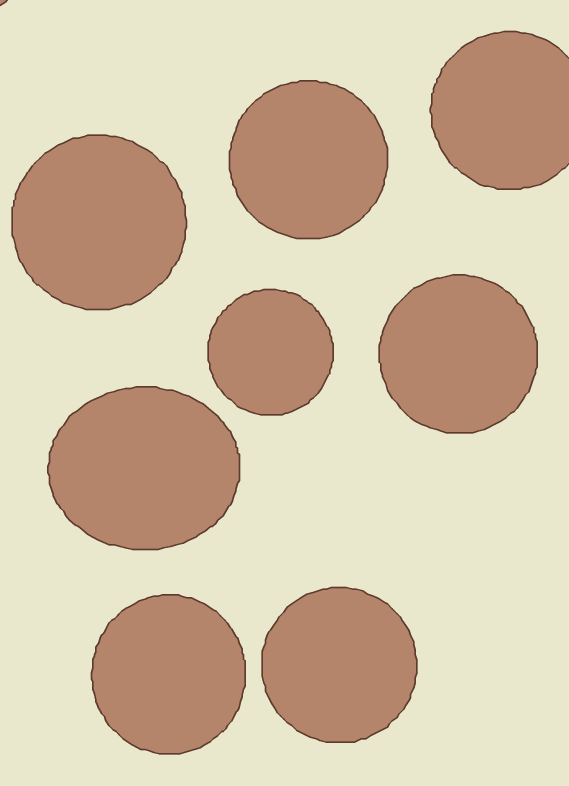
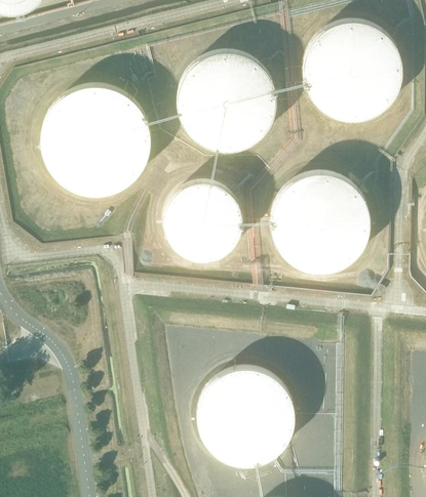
building: [48,387,239,549] -> none
building: [91,595,245,754] -> none

